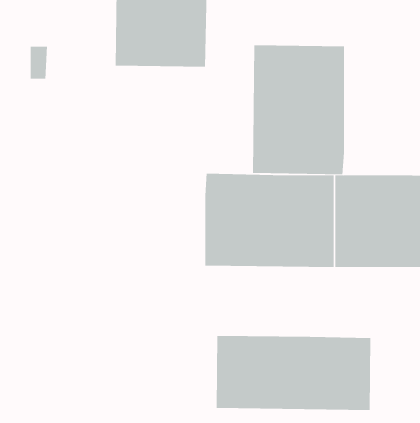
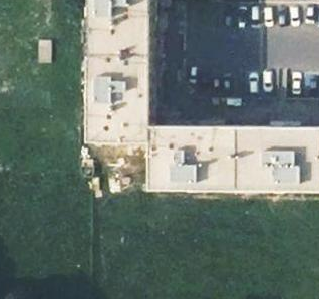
building: [252,45,345,175] -> [90,53,152,140]
building: [216,335,371,411] -> none

